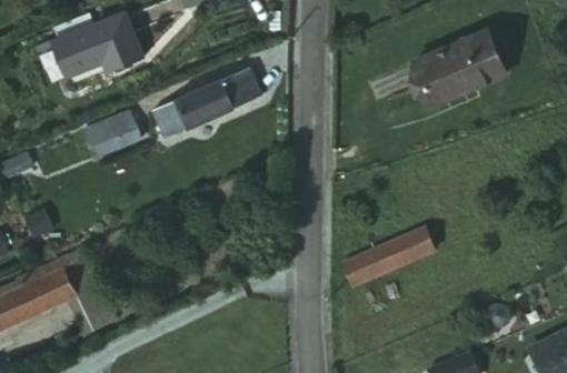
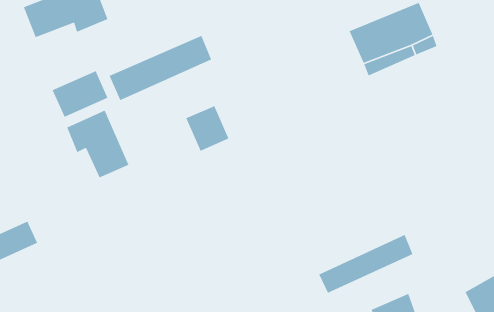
building: none -> [185,105,230,152]
building: none -> [66,110,130,179]
building: [341,220,444,284] -> [318,234,413,294]

